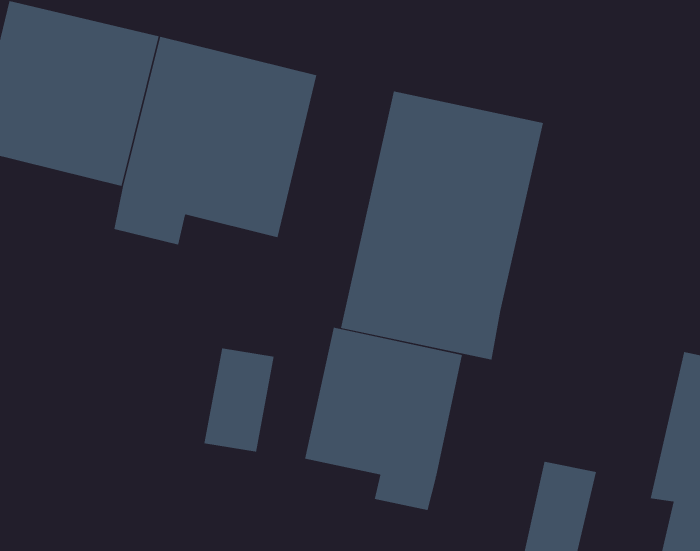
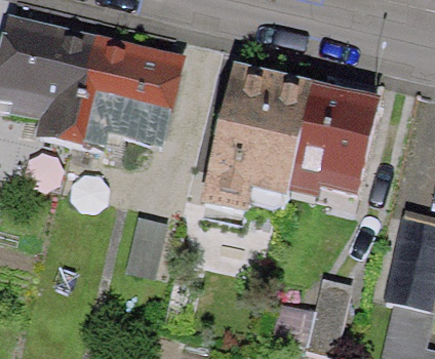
building: none -> [295,83,385,206]
building: [304,327,462,511] -> none

